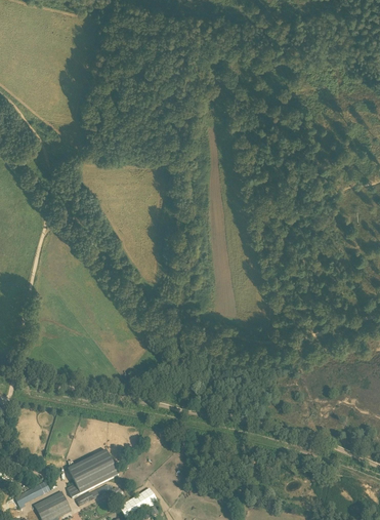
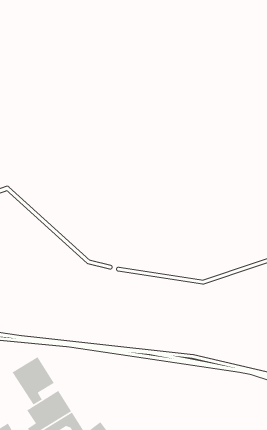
building: none -> [12,356,55,405]

